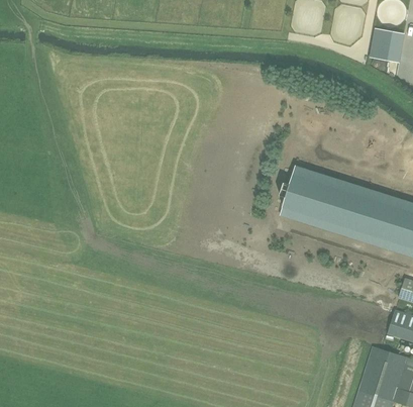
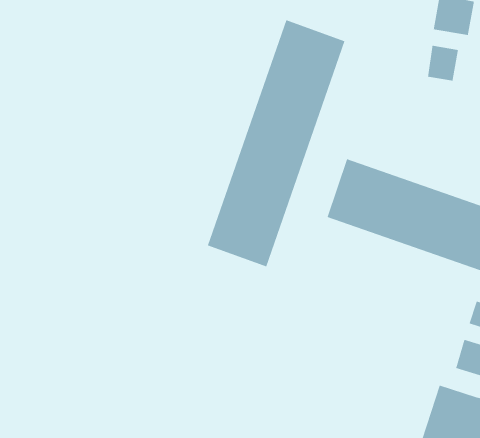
building: none -> [207,19,346,268]
building: none -> [427,45,459,82]

